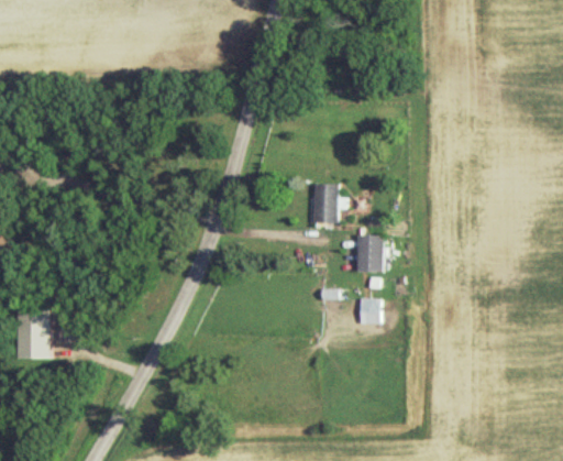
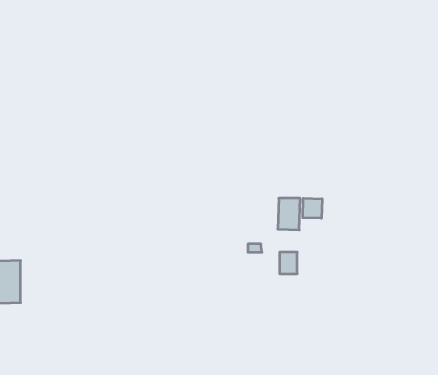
building: [313,184,347,224] -> none
building: none -> [303,198,322,218]

